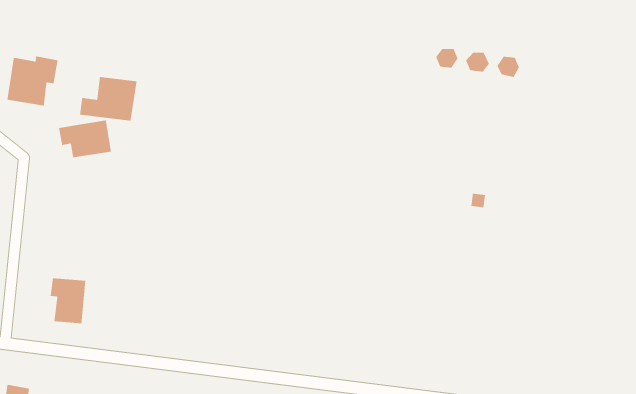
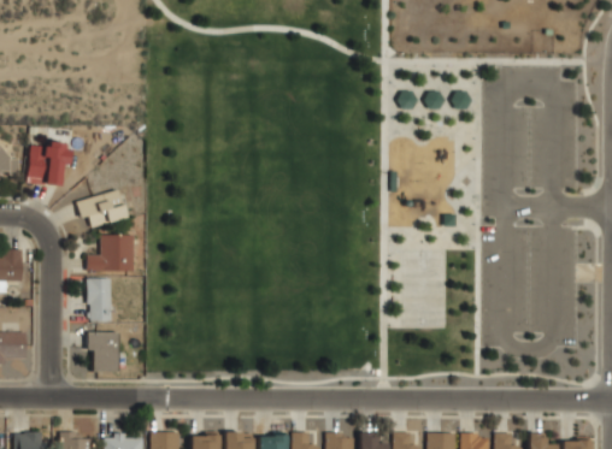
building: [79,76,137,121] -> [88,235,135,271]
building: none -> [89,278,112,321]

